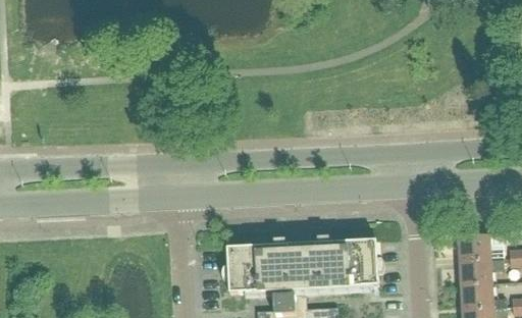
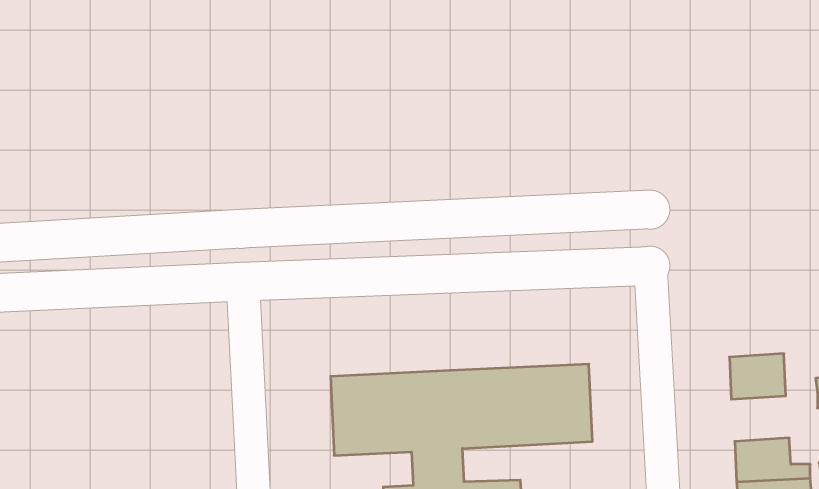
building: [459,258,503,284] -> none

